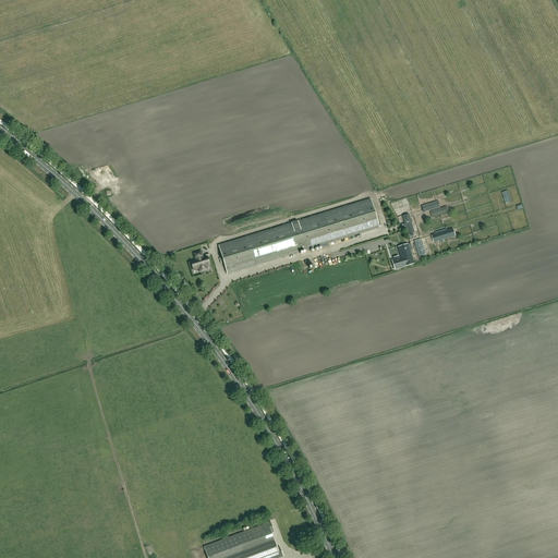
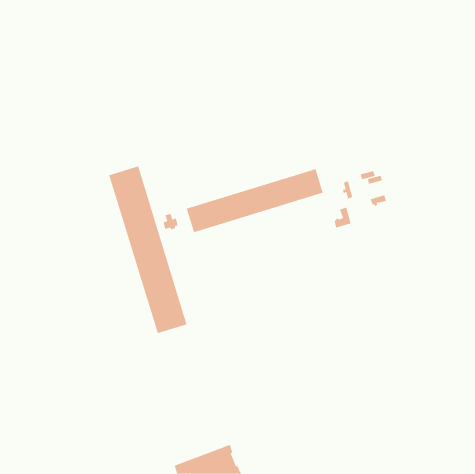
building: none -> [109,166,187,334]

